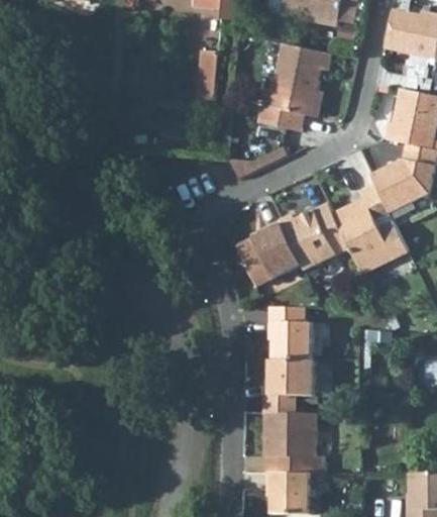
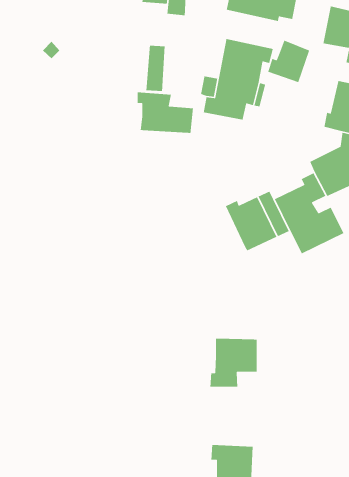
building: none -> [267,40,310,83]
building: none -> [137,91,194,134]
building: [236,220,301,286] -> none
building: [268,306,313,360] -> none
building: [263,412,322,474] -> none

